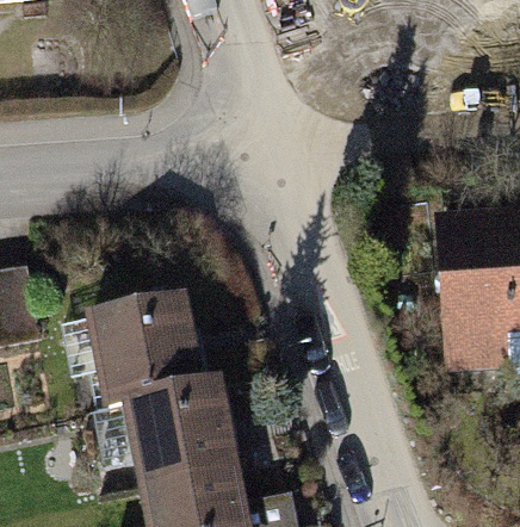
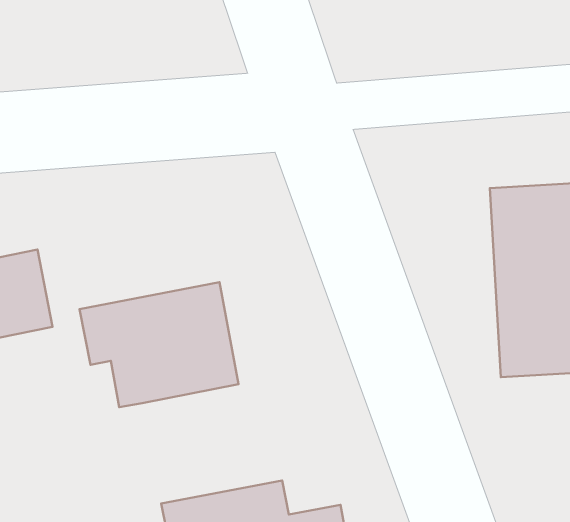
building: [125,388,248,496] -> none

